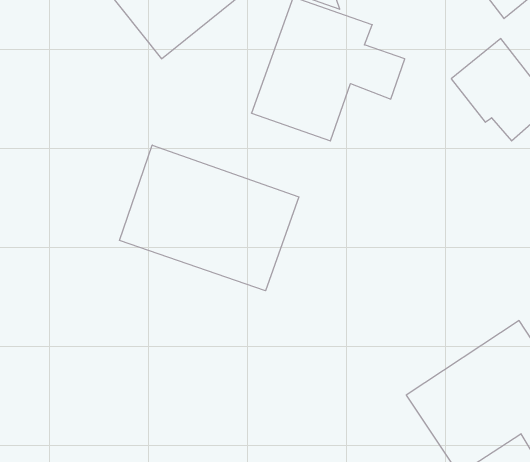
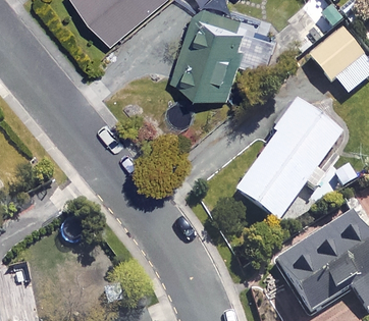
building: [119,145,299,291] -> none
building: none -> [230,105,337,226]

